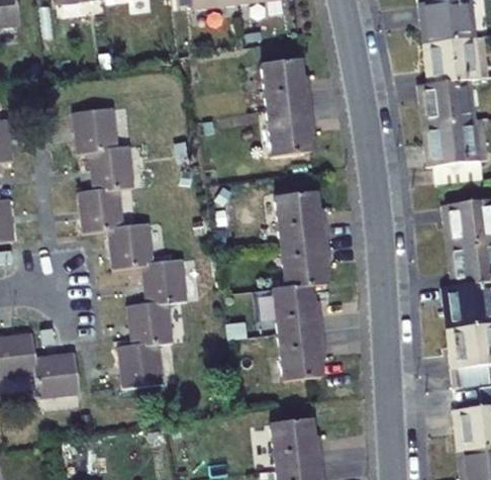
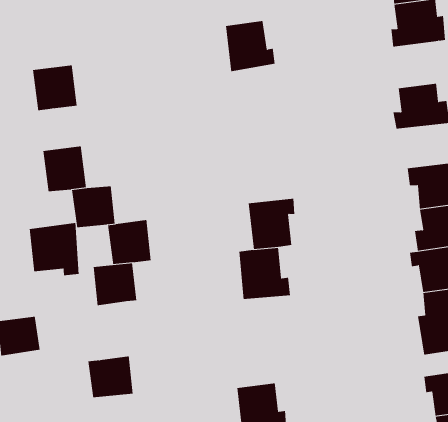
building: [418,84,474,130] -> none
building: [266,106,312,158] -> none
building: [91,146,134,190] -> none
building: [279,193,328,244] -> none
building: none -> [29,222,79,276]
building: [278,334,326,384] -> none
building: [122,341,168,382] -> [87,356,134,398]

